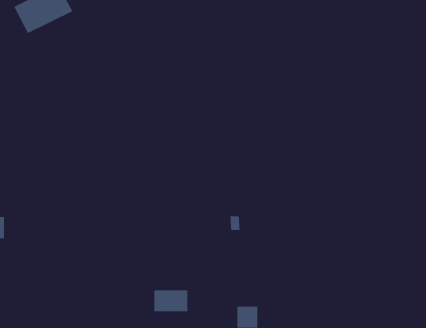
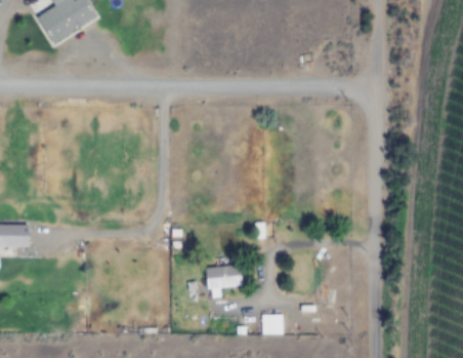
building: [153,290,188,312] -> [206,266,241,288]

